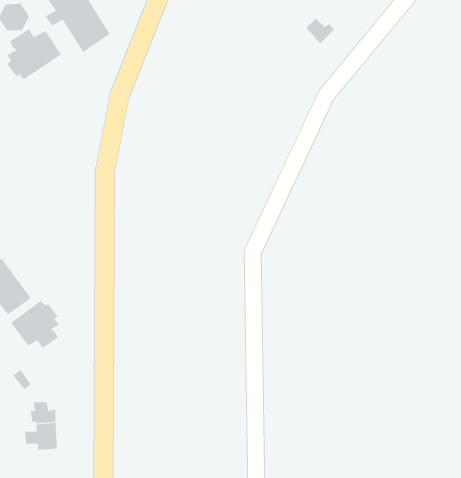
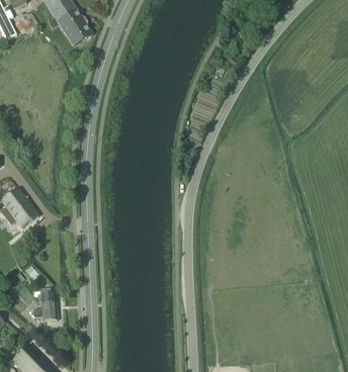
building: [6,28,62,80] -> none
building: [11,300,59,349] -> none

